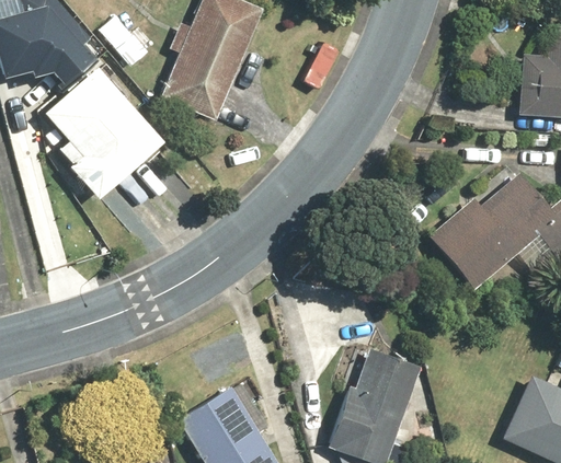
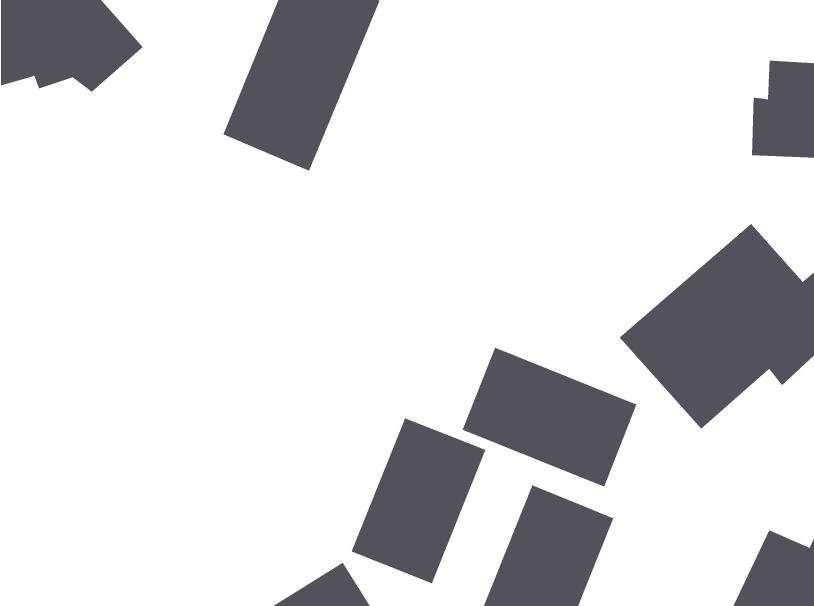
building: [38,65,165,205] -> none
building: none -> [462,347,637,488]
building: none -> [351,417,486,584]

